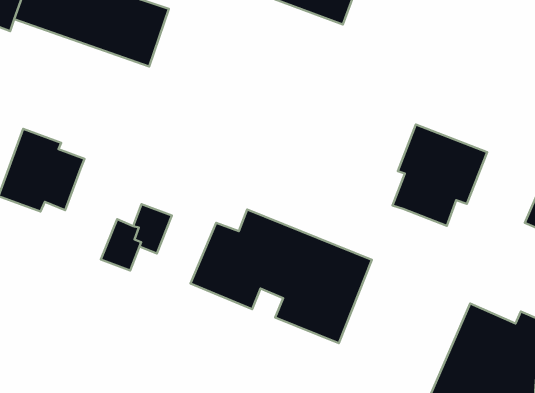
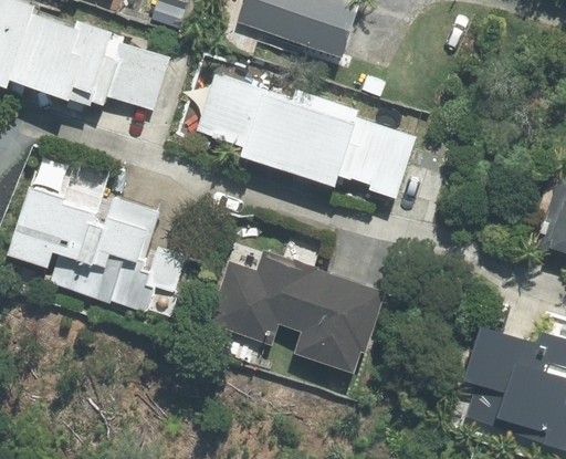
building: none -> [193,74,417,194]
building: [393,125,487,226] -> none
building: none -> [70,199,156,306]

